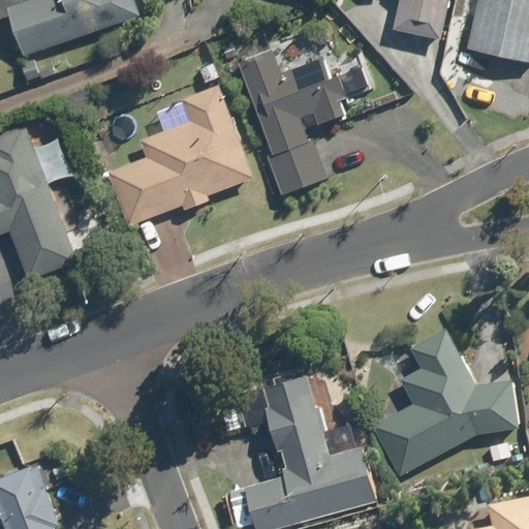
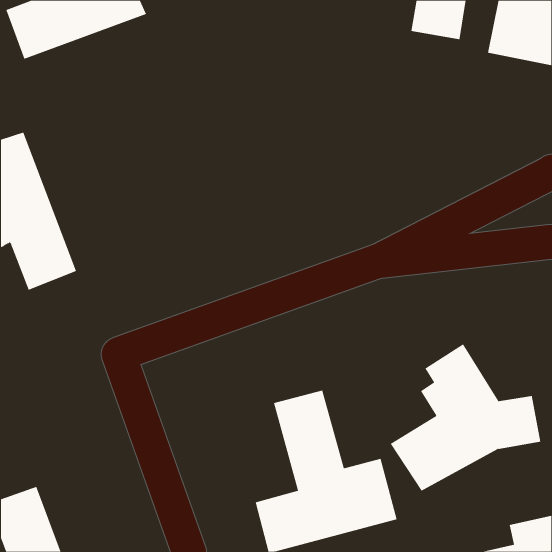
building: [238,51,373,195] -> none
building: [111,85,252,223] -> none

